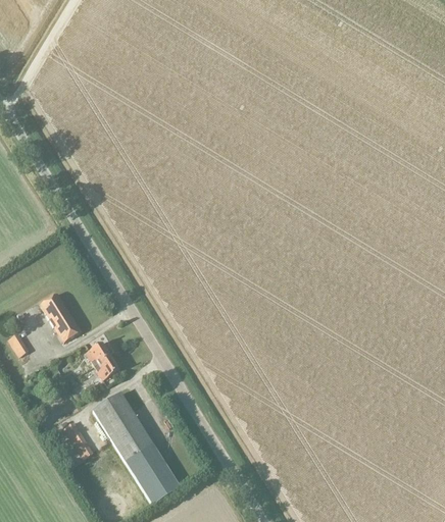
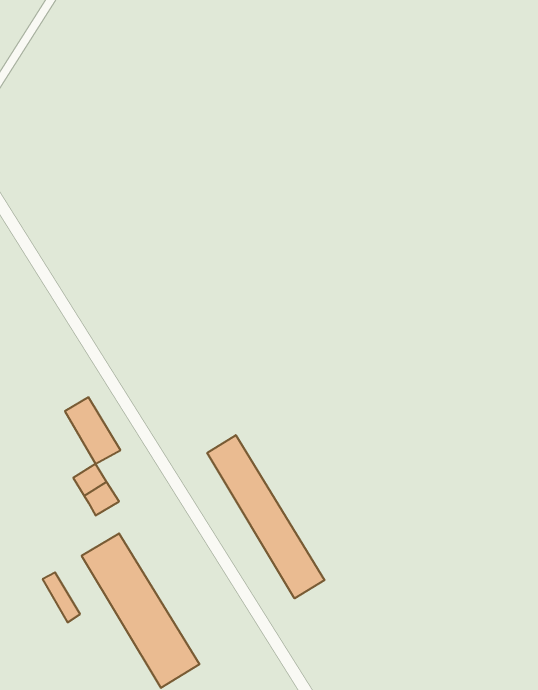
building: [42,291,83,340] -> [65,397,120,464]
building: none -> [207,435,324,598]

